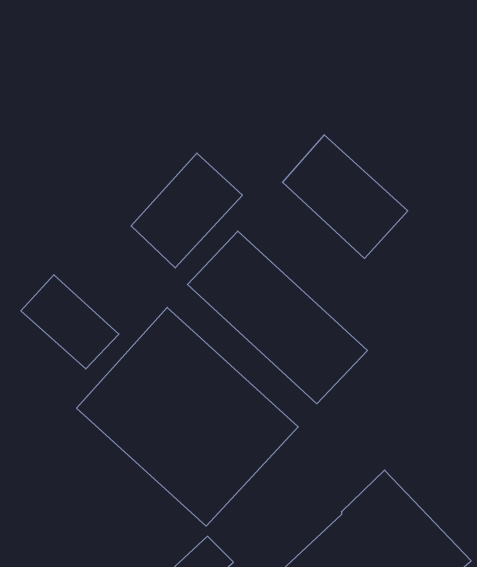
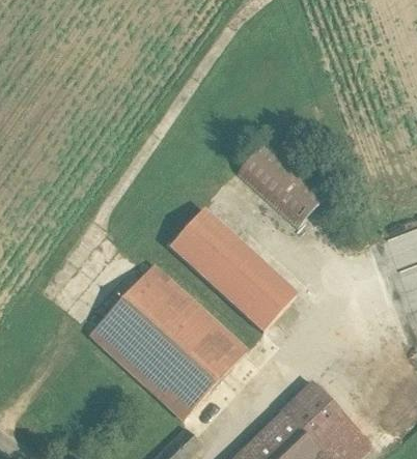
building: [131,153,242,268] -> none
building: [21,275,119,369] -> none

